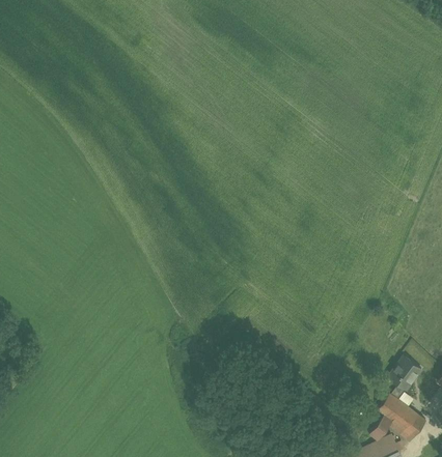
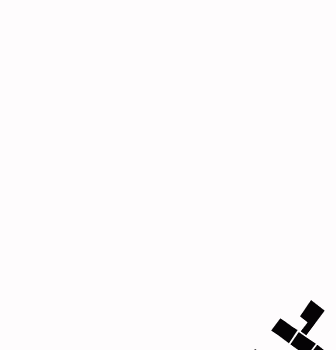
building: none -> [270,317,299,345]

